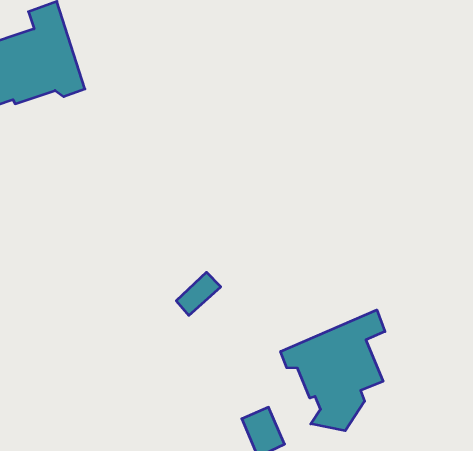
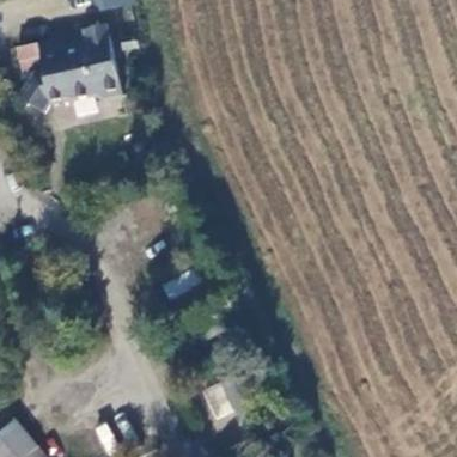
building: [281,310,385,431] -> none

